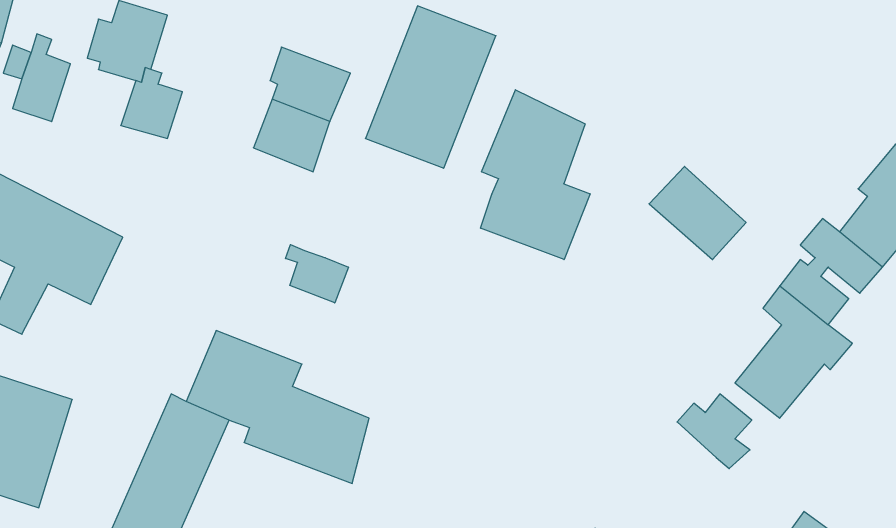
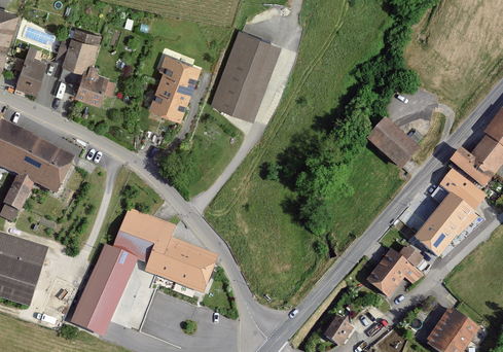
building: [481,90,590,260] -> none
building: [286,245,348,303] -> none
building: none -> [365,259,403,297]

